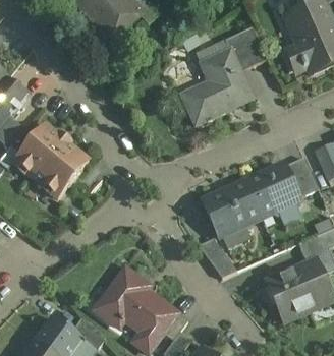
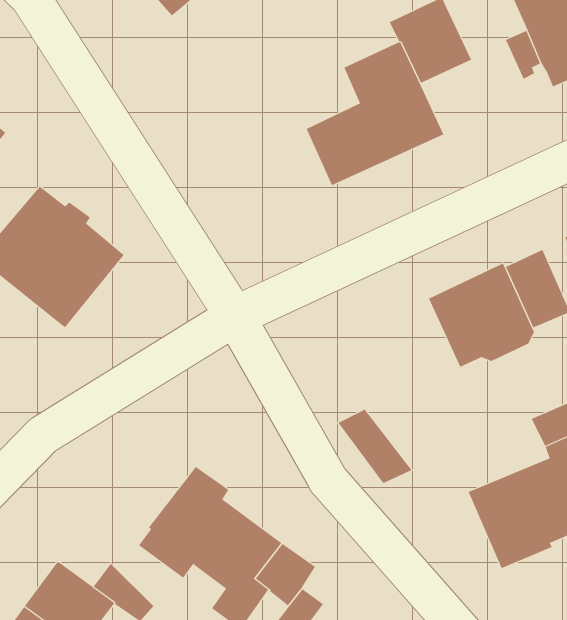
building: [204,181,262,235] -> none

